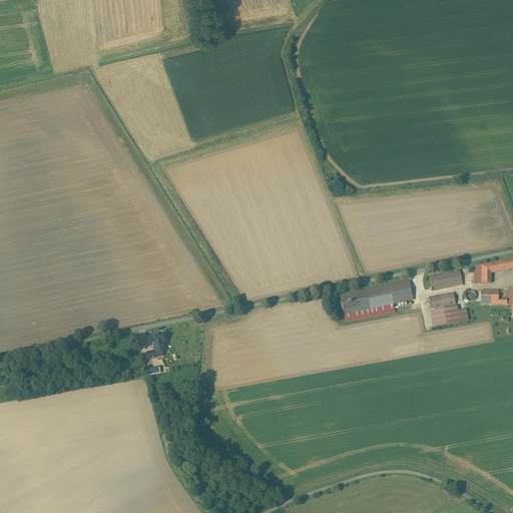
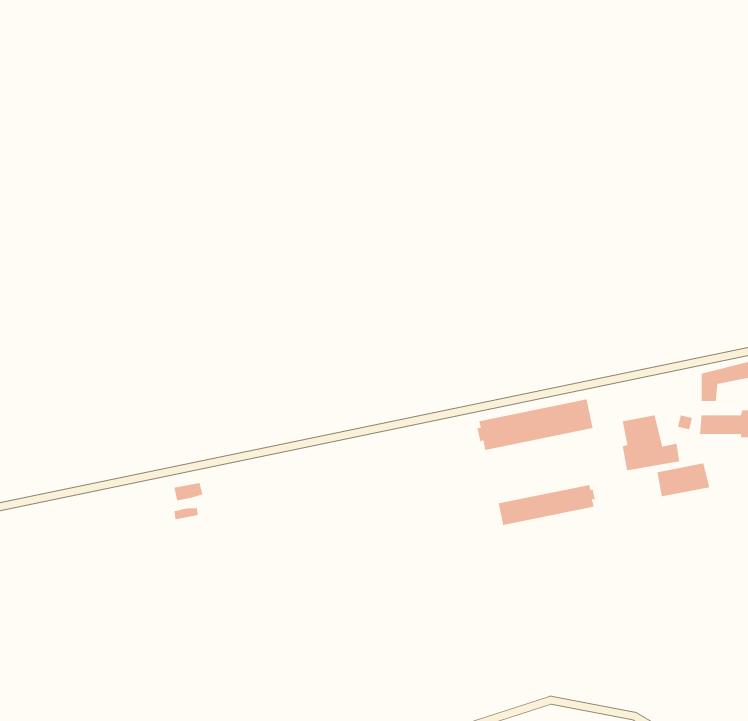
building: [429,268,463,290] -> [656,462,710,497]
building: none -> [498,484,596,526]

